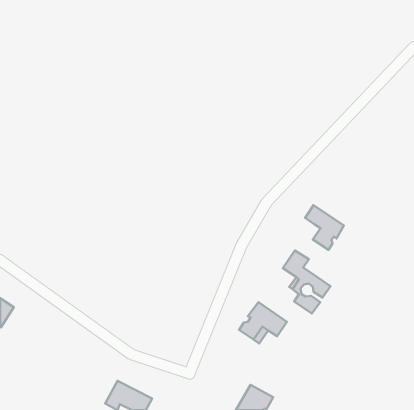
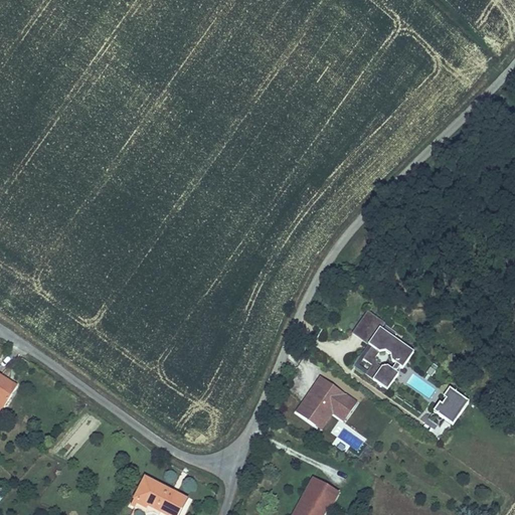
building: [305,205,344,250] -> none
building: none -> [432,390,467,426]

